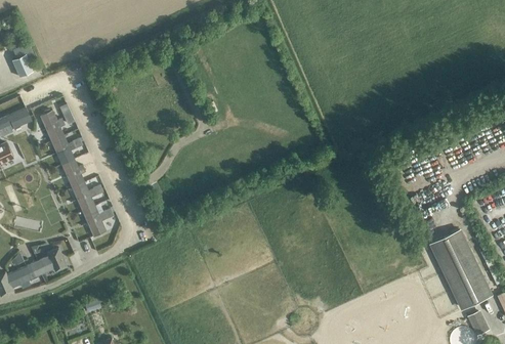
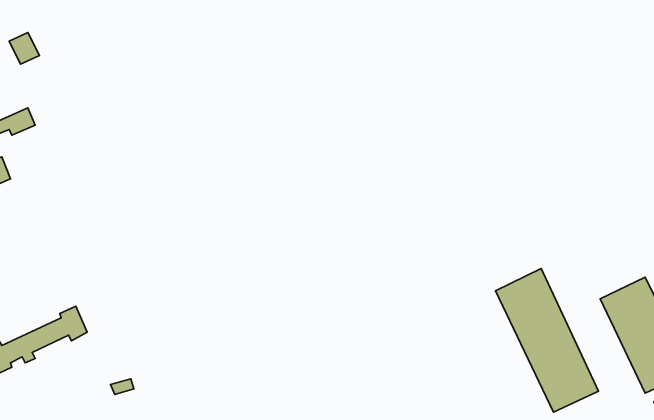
building: [40,111,104,235] -> none
building: none -> [496,269,598,412]

